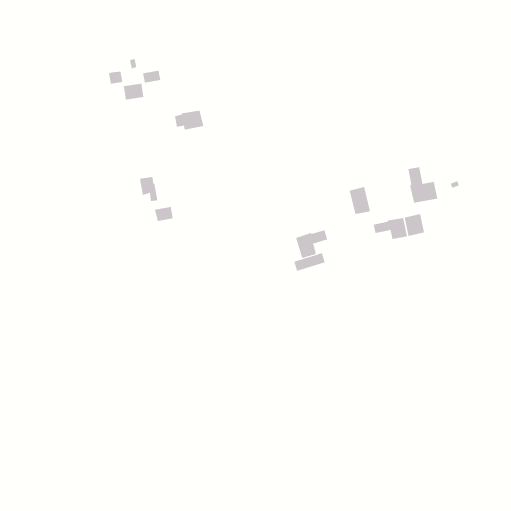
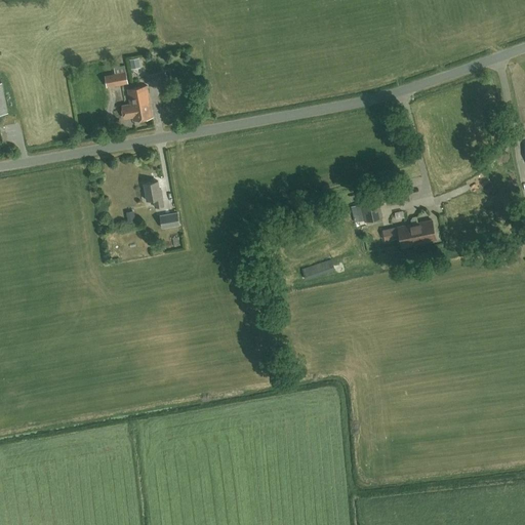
building: [174,110,204,130] -> [121,100,152,121]
building: [408,167,438,204] -> none
building: [295,230,328,259] -> none

